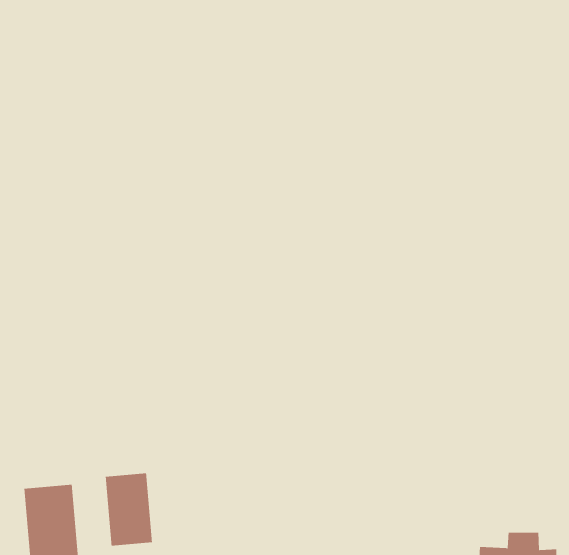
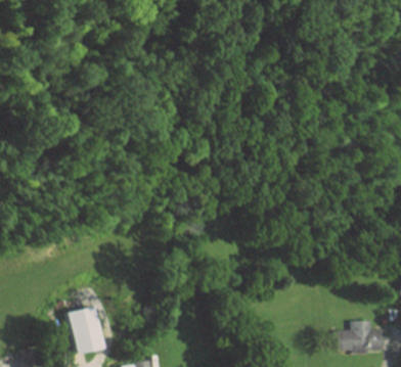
building: [105,472,153,546] -> none

